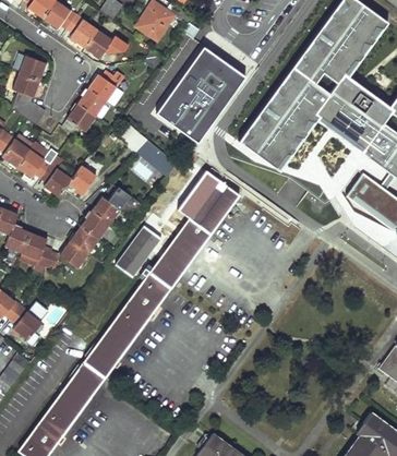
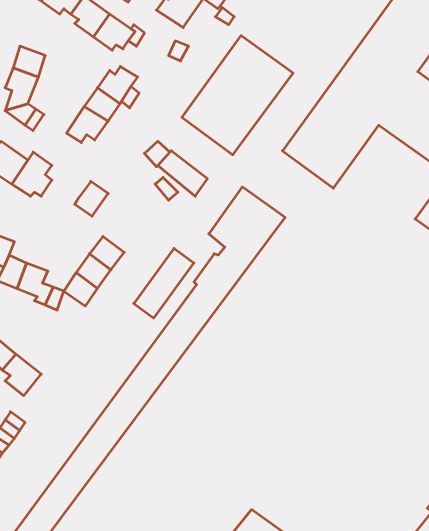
building: [41,164,72,196] -> none
building: [92,185,139,223] -> none

